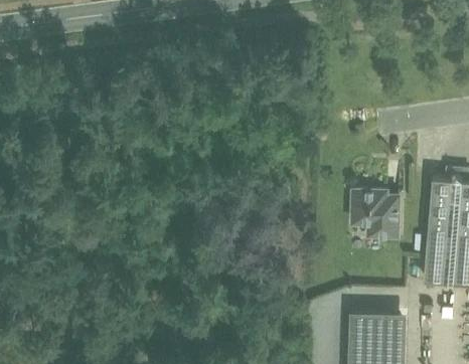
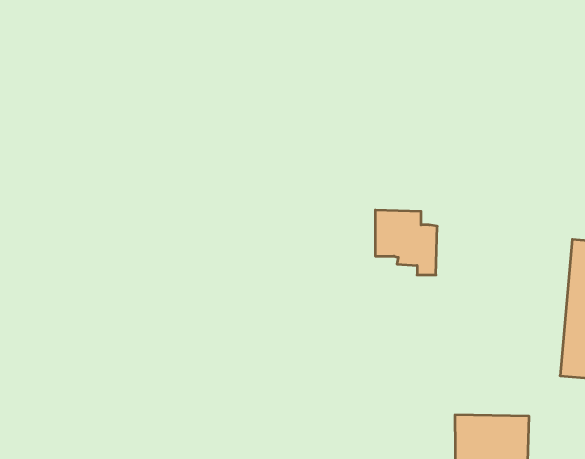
building: [352,191,399,239] -> [375,210,437,275]

